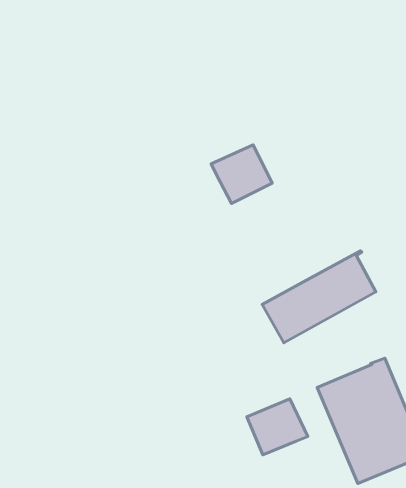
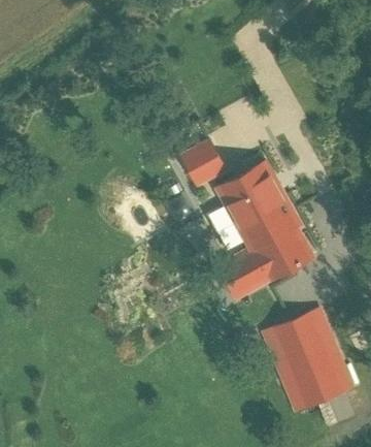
building: none -> [208,162,300,251]
building: [247,399,308,455] -> none

